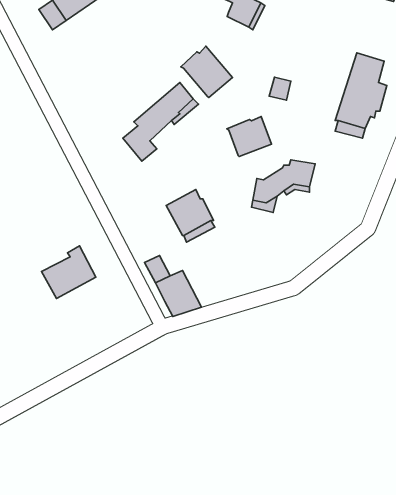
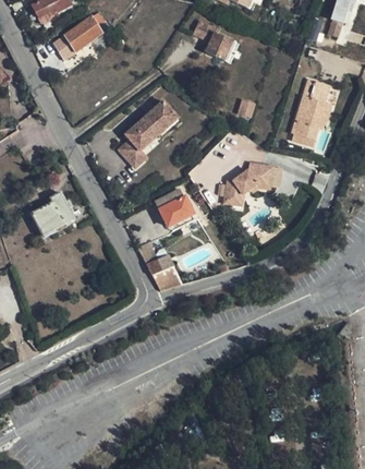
building: [181,46,232,97] -> none
building: [227,116,271,156] -> none
building: [42,246,96,299] -> [31,193,74,236]

